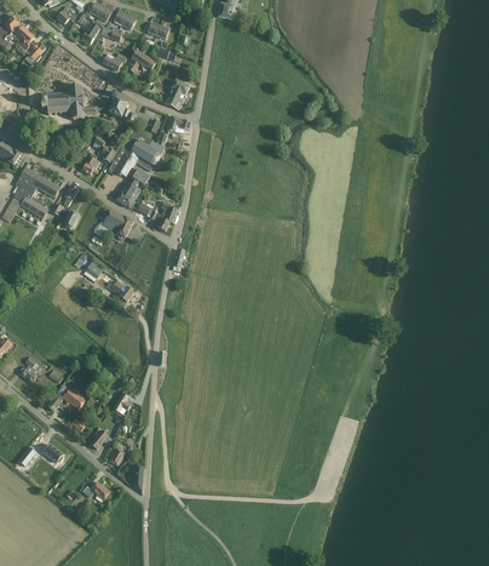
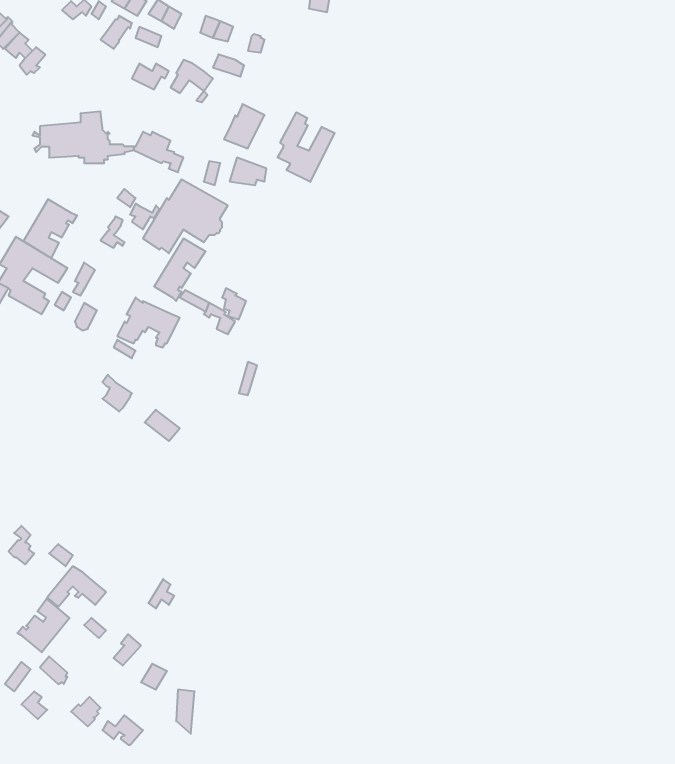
building: none -> [278,112,335,182]
building: none -> [24,199,77,258]
building: none -> [17,599,69,652]

